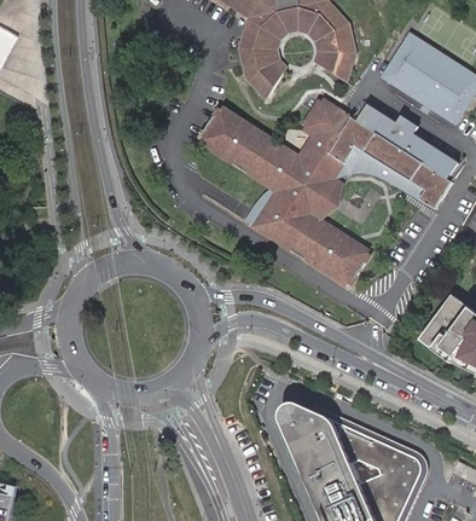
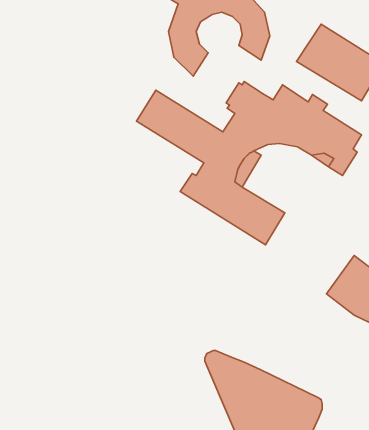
building: [267,19,319,65] -> none

